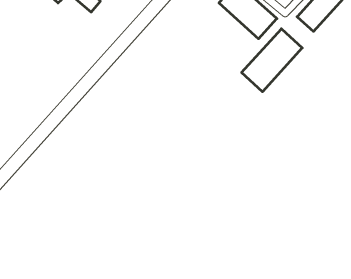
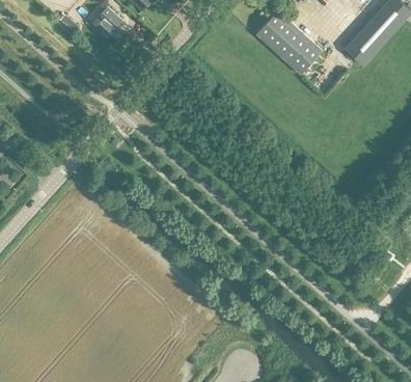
building: [242,29,302,92] -> none

